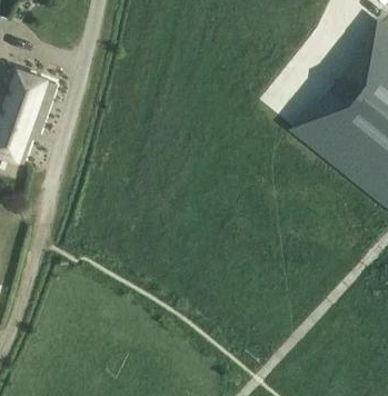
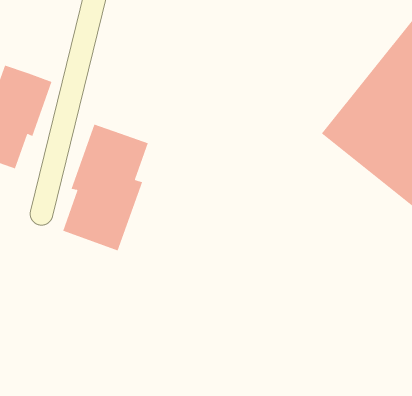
building: none -> [62,124,149,252]

